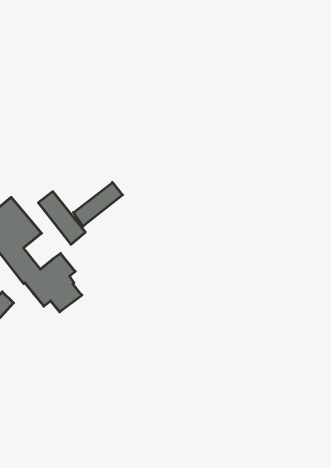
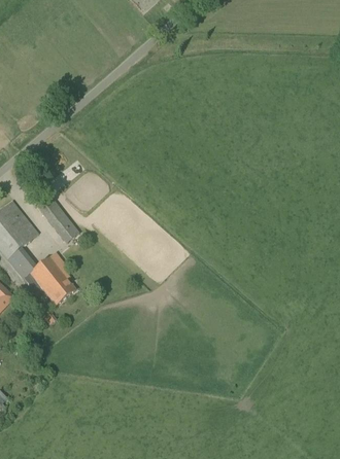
building: [73,182,123,226] -> none

